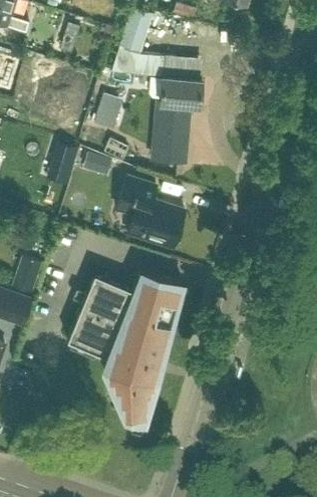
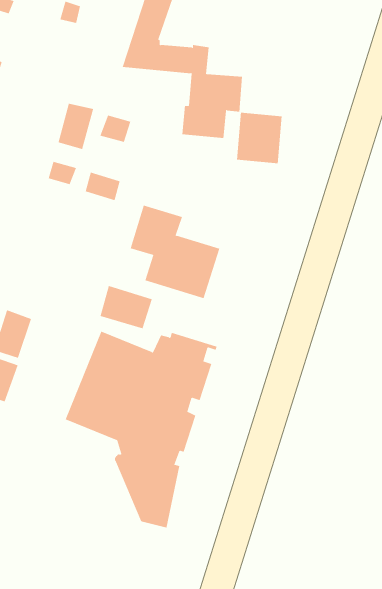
building: none -> [58,103,94,150]
building: [152,122,188,162] -> [236,112,282,164]
building: none -> [100,285,152,329]

